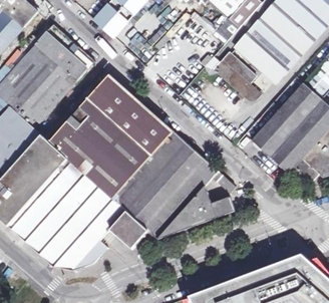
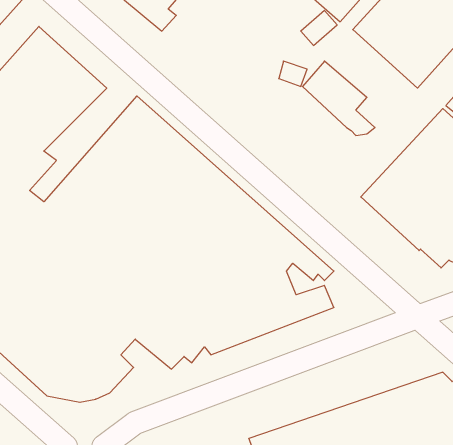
building: [234,33,288,84] -> none

